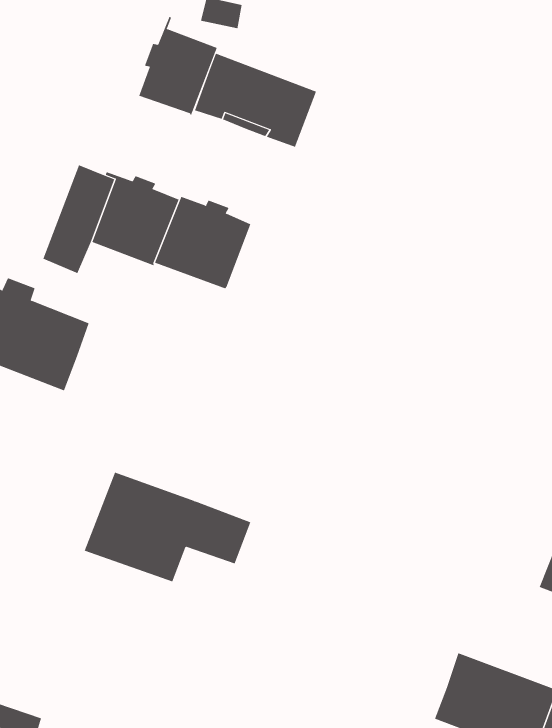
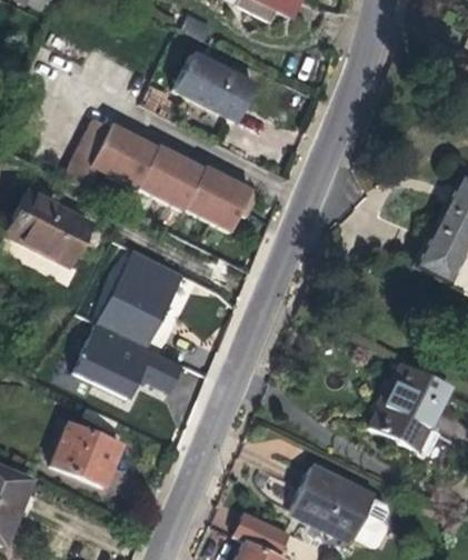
building: [139,16,217,116] -> none
building: none -> [185,166,260,232]
building: none -> [98,249,185,348]
building: none -> [52,424,121,487]

